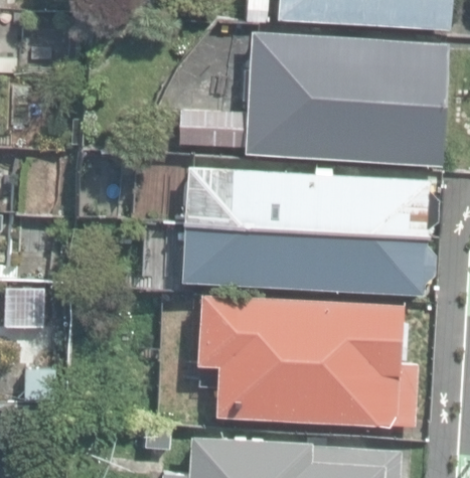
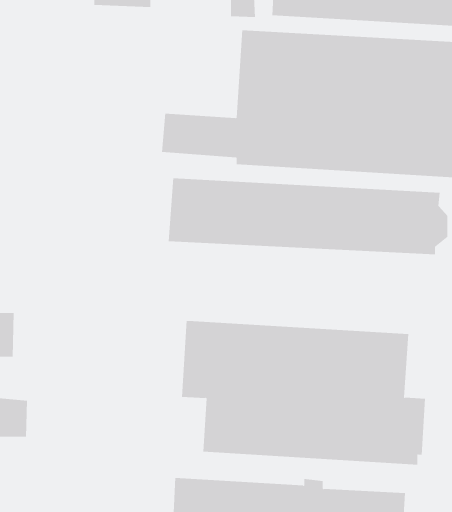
building: [181,224,435,296] -> none

